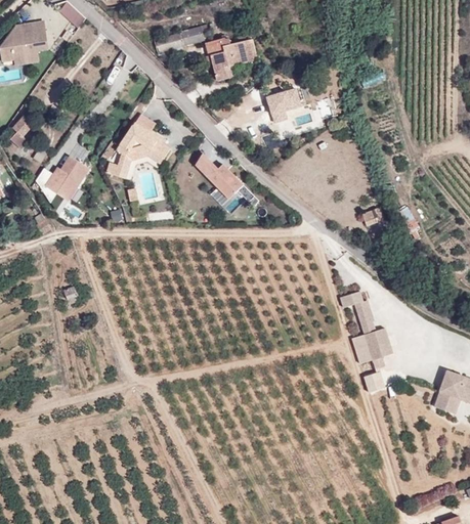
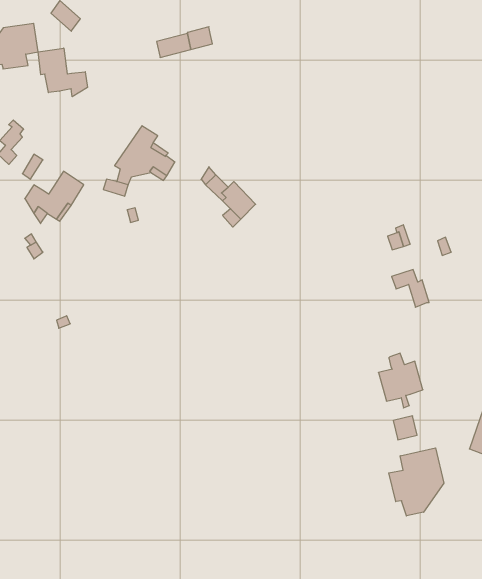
building: [204,38,255,81] -> none
building: none -> [38,48,88,97]
building: [268,92,303,121] -> none
building: [340,290,374,323] -> [392,270,429,307]
building: none -> [389,448,444,516]

